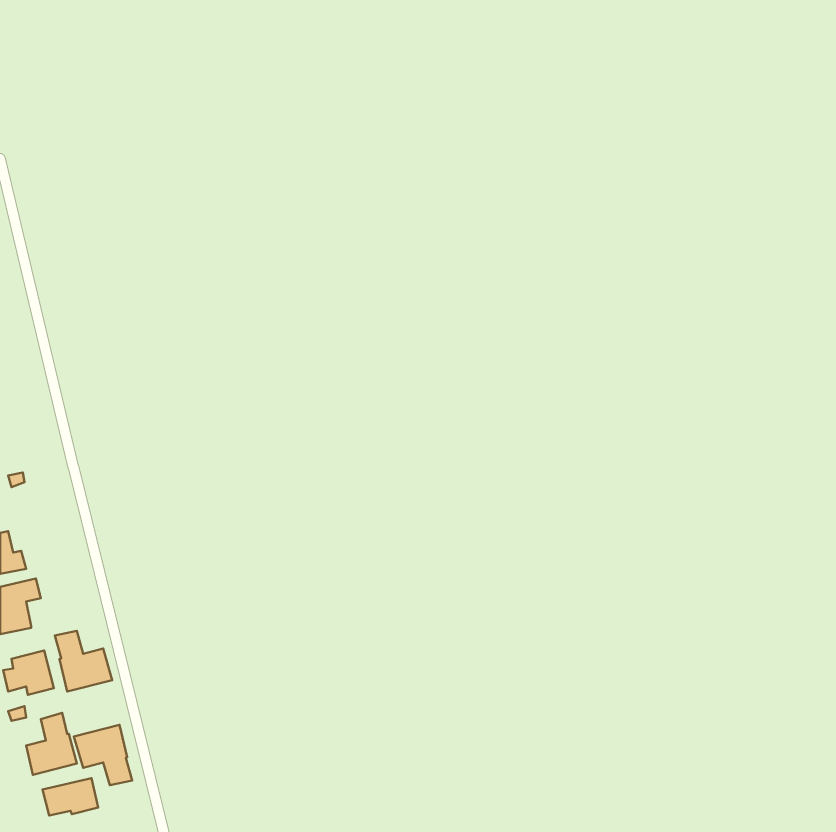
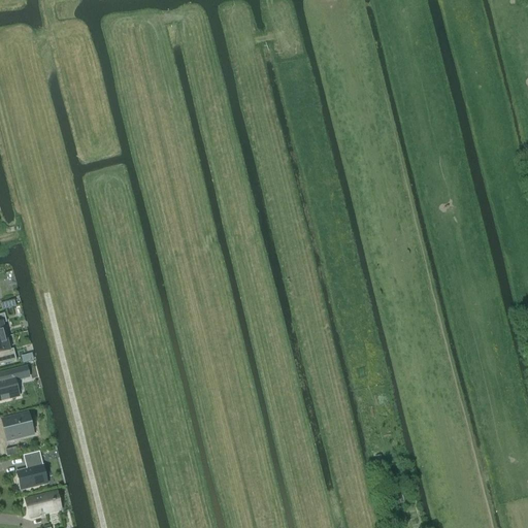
building: [55,631,112,691] -> none
building: [74,725,132,785] -> none

